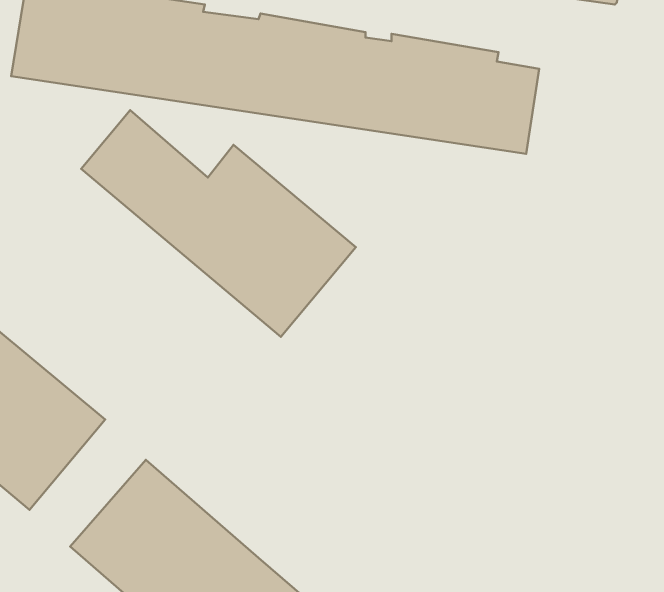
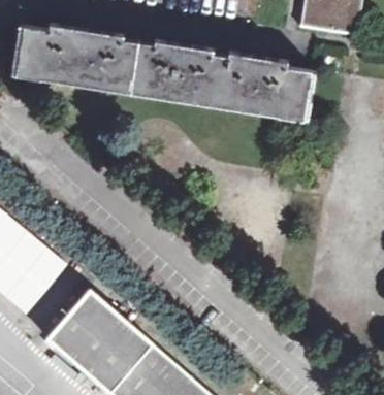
building: [81,110,356,337] -> none

